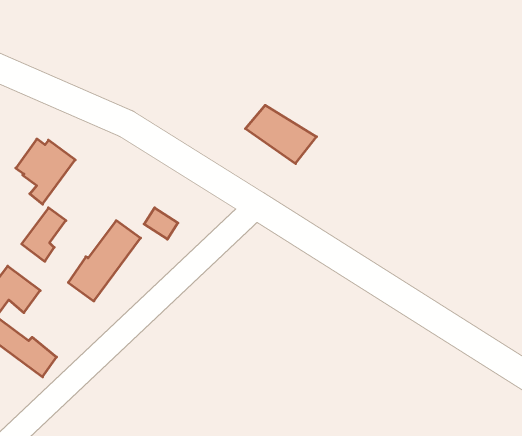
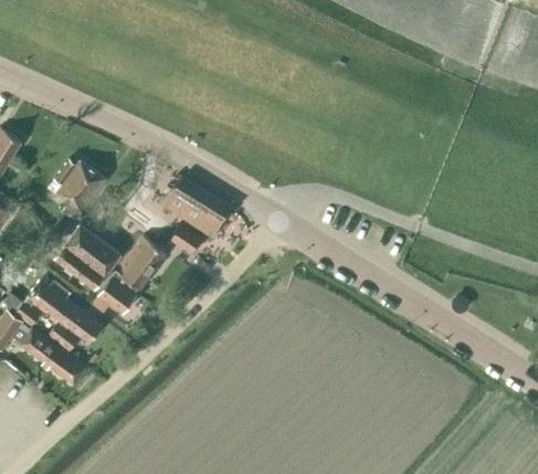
building: [245,105,317,164] -> [161,178,229,233]
building: none -> [75,236,119,288]
building: none -> [48,303,101,351]

